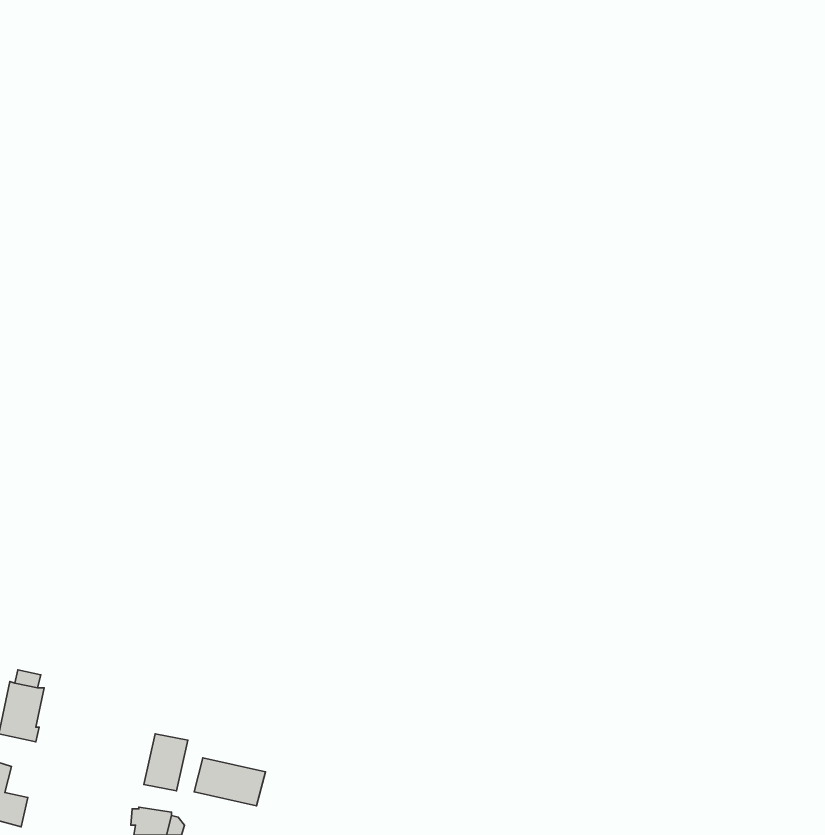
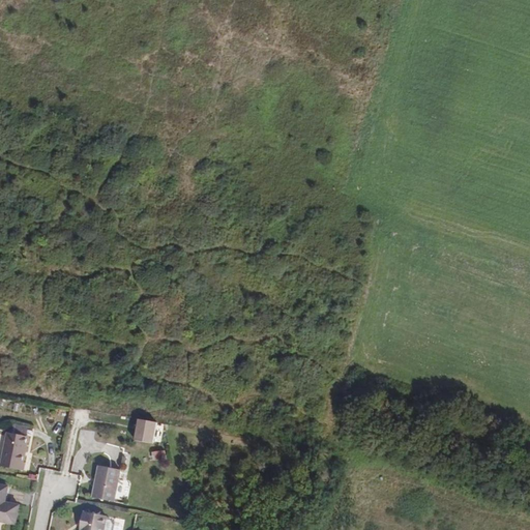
building: none -> [129,418,153,443]
building: [194,758,265,806] -> none

